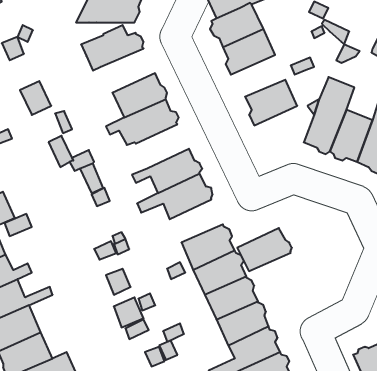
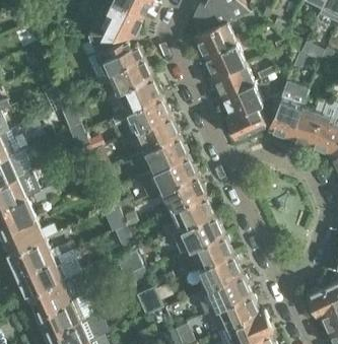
building: none -> [95,58,151,92]
building: none -> [210,63,253,95]
building: none -> [225,102,266,140]
building: none -> [127,117,179,151]
building: [237,228,292,271] -> [162,176,205,209]

